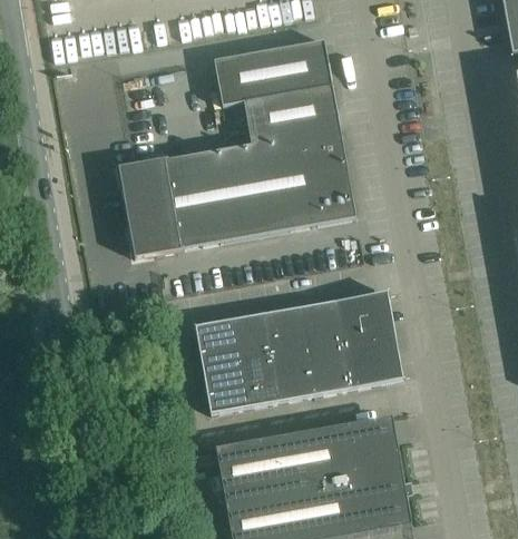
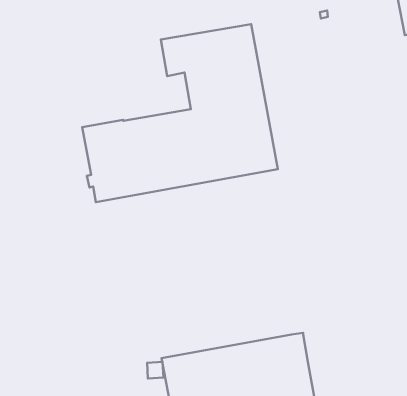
building: [195,291,403,412] -> none

